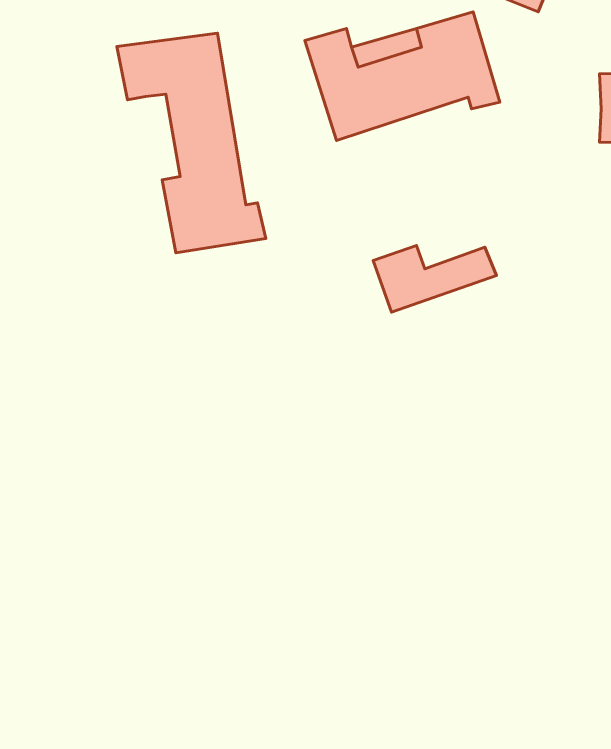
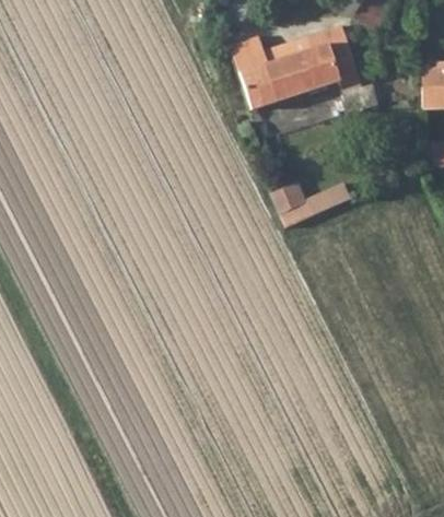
building: [117,33,266,253] -> none

